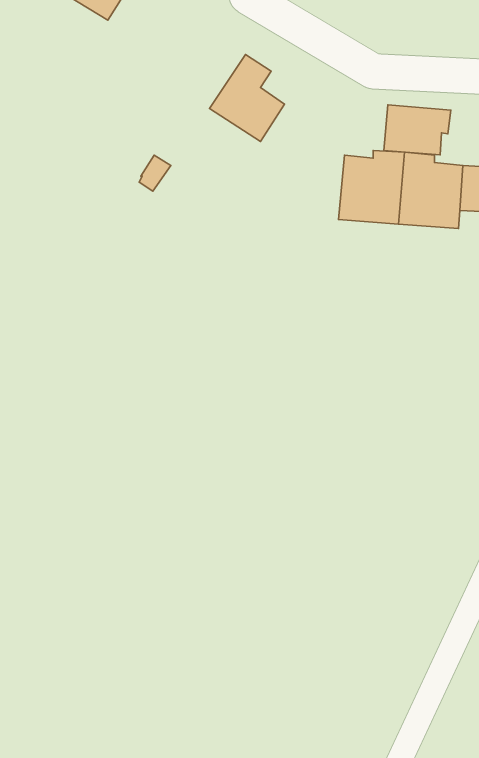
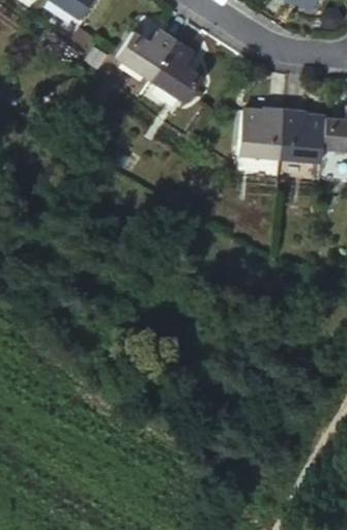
building: none -> [116,30,175,79]
building: [384,105,451,155] -> none

